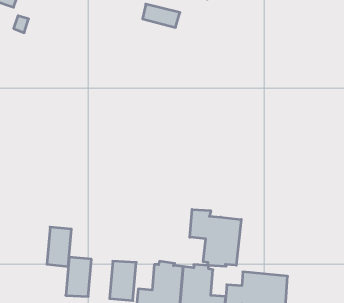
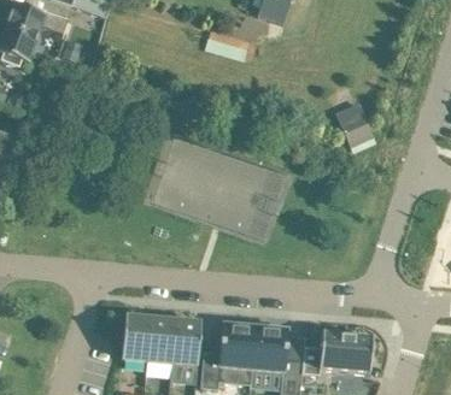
building: none -> [335,102,370,141]
building: [190,209,241,266] -> none
building: [47,227,71,266] -> [146,318,174,362]

